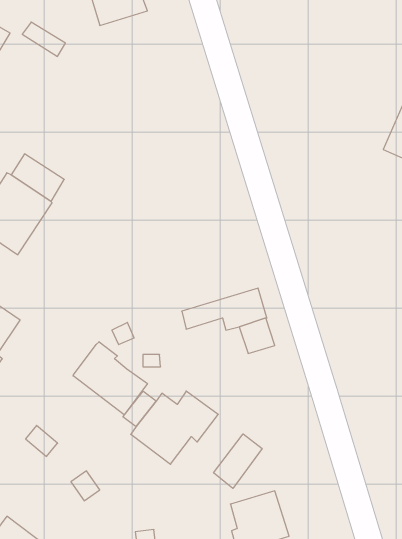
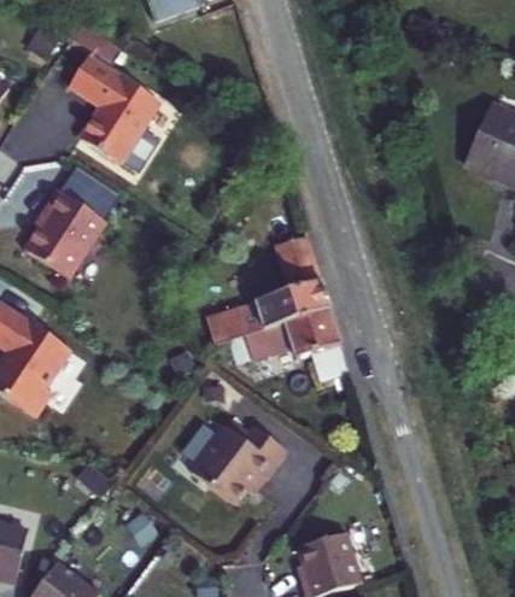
building: none -> [68,54,159,163]
building: none -> [207,238,329,347]
building: [73,342,147,415] -> none
building: [214,434,262,488] -> none

